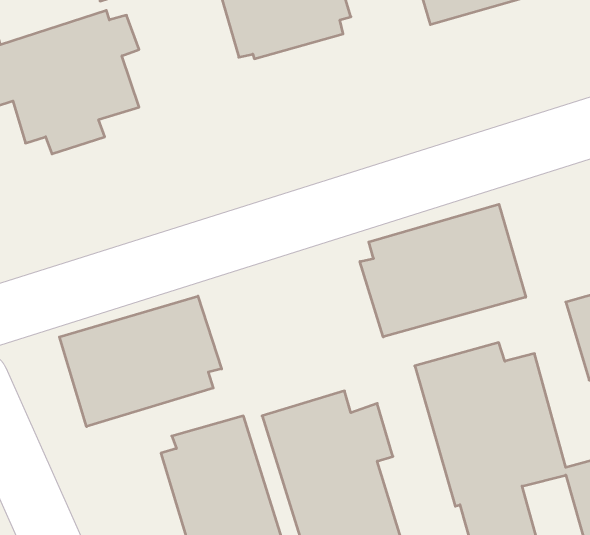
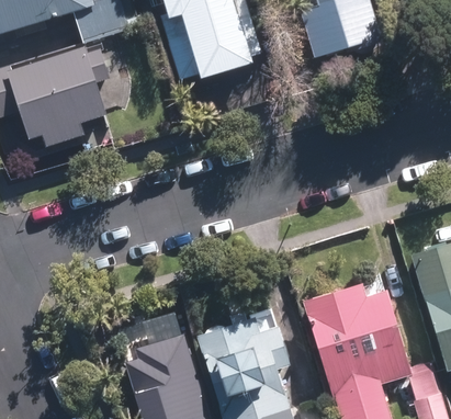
building: [360,204,526,337] -> none
building: [59,296,222,427] -> none

